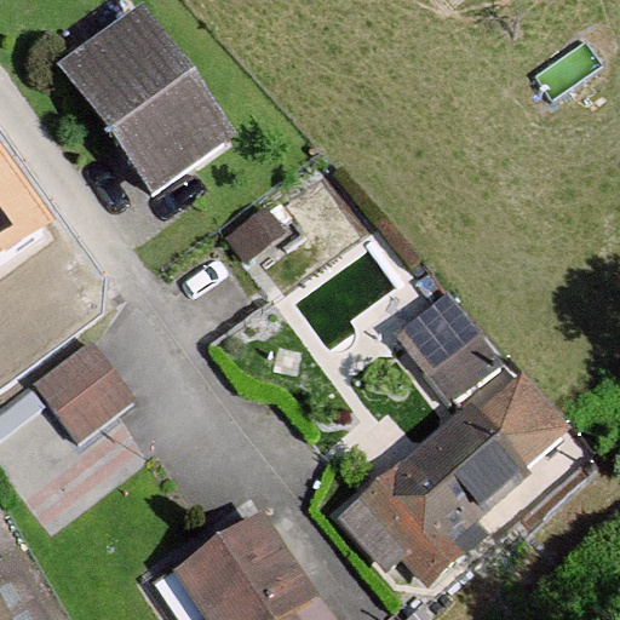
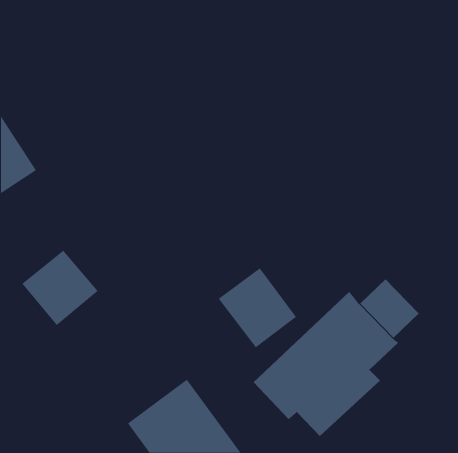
building: [62,8,236,193] -> none
building: [394,292,500,401] -> [218,267,297,348]

